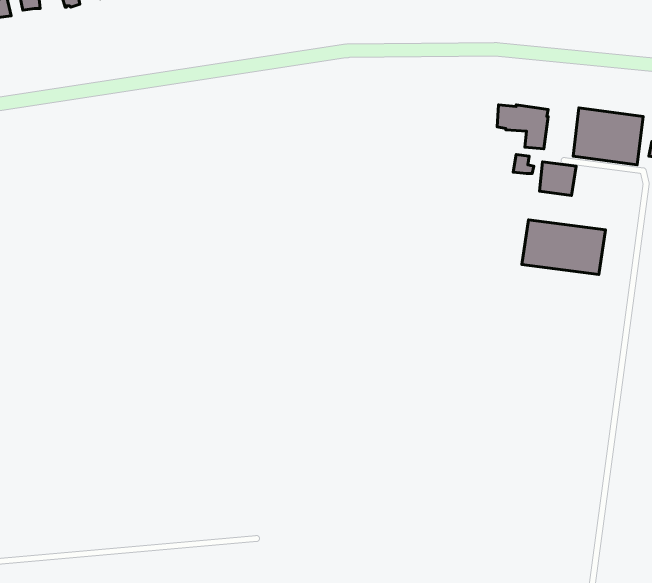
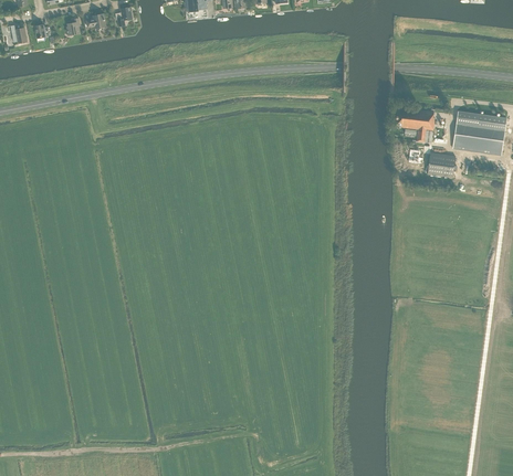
building: [522,220,605,275] -> none

